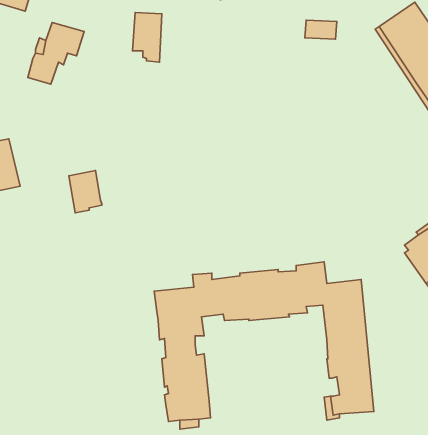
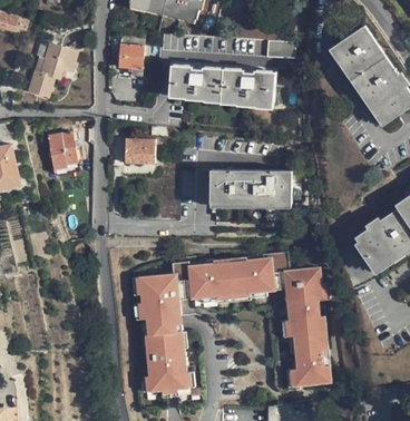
building: none -> [170,66,275,104]
building: none -> [125,141,155,165]
building: none -> [211,172,291,204]
building: [69,171,102,213] -> [48,134,77,170]

